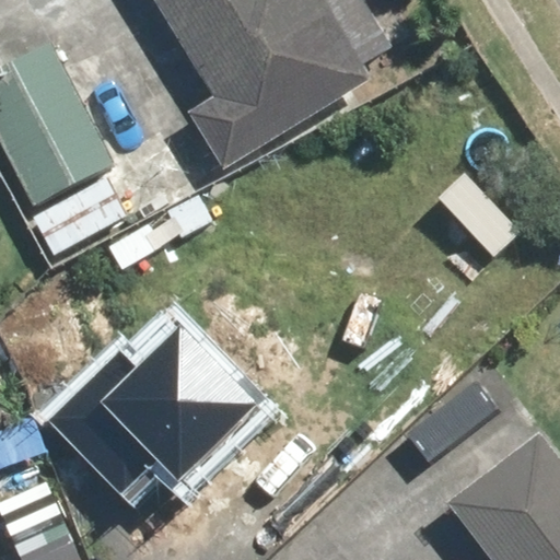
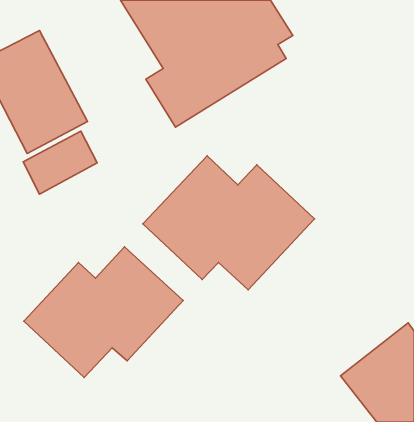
building: none -> [143,156,314,290]

